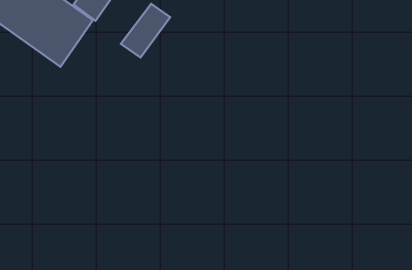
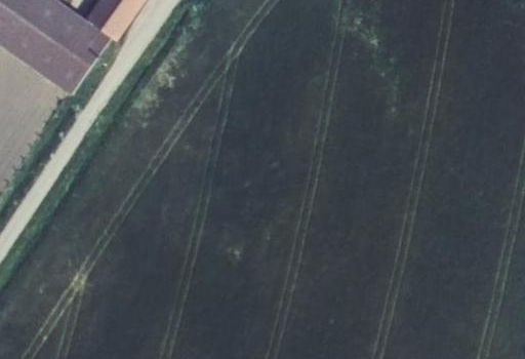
building: [121,4,170,58] -> none

